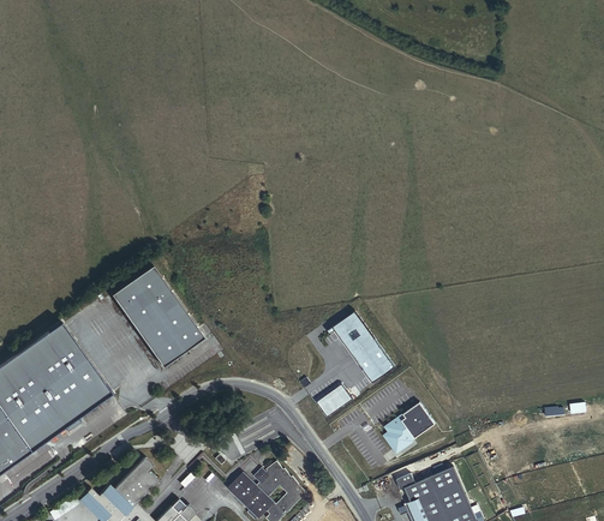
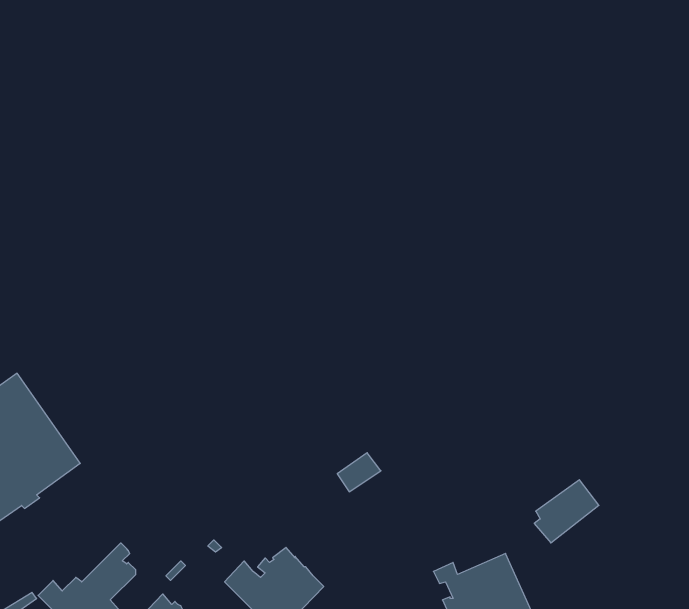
building: [110,265,203,367] -> none
building: [328,312,394,382] -> none
building: [381,403,432,454] -> [534,480,599,543]

